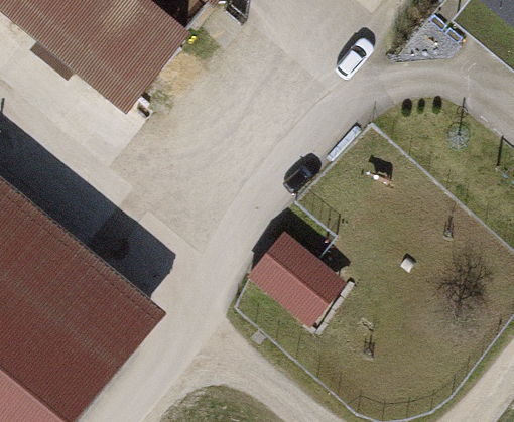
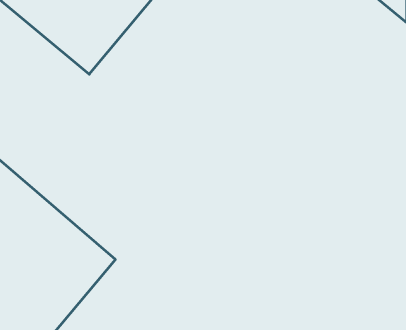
building: [245,226,347,323] -> none

